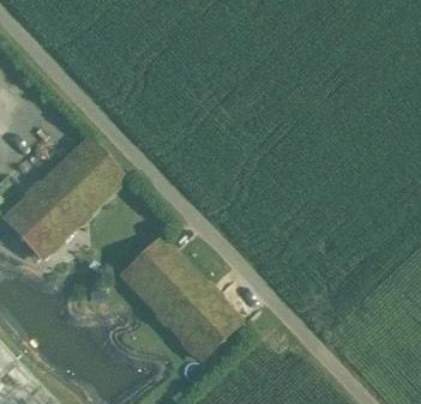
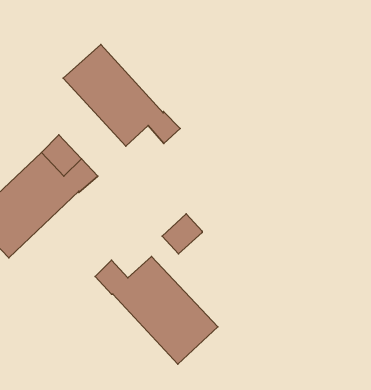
building: none -> [63,44,180,146]
building: [137,237,175,276] -> [162,214,202,254]

